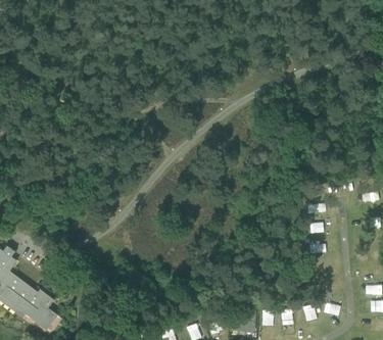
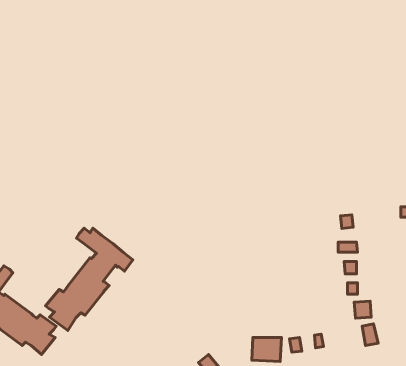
building: none -> [46,228,133,330]

